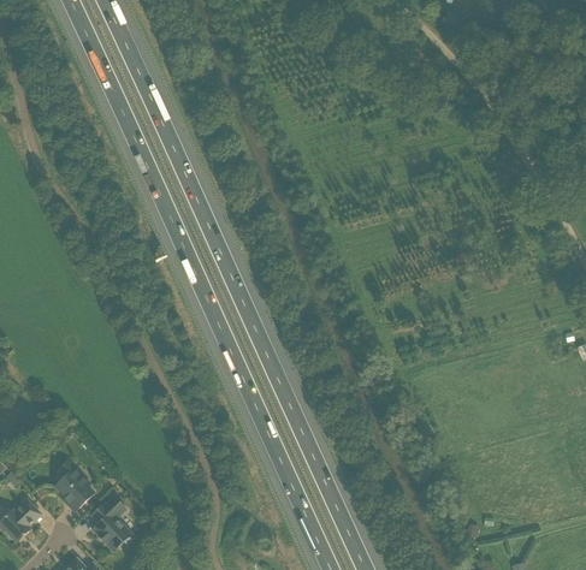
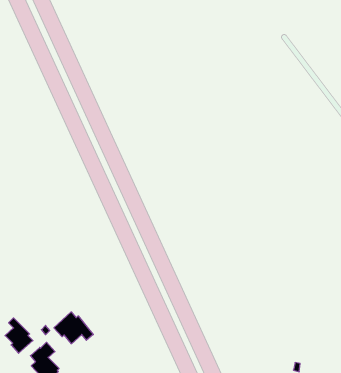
building: none -> [54,312,93,344]

